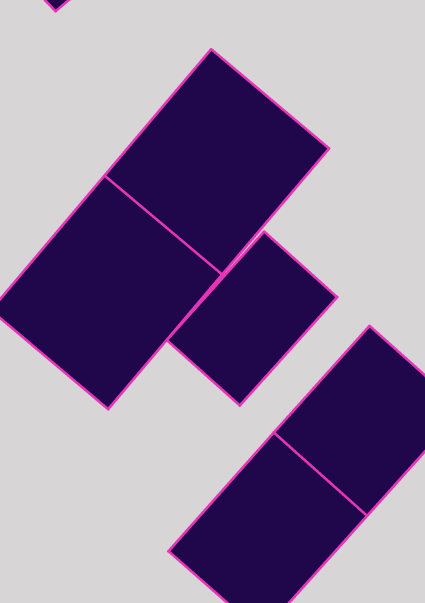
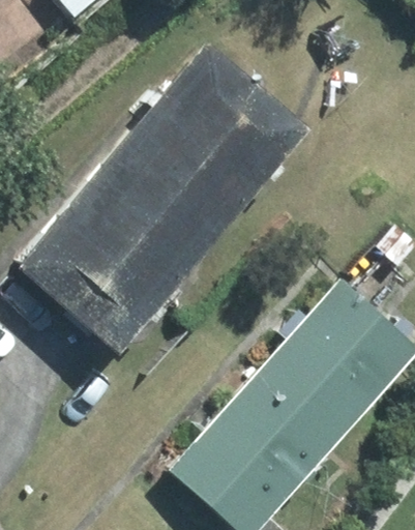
building: [167,232,337,406] -> none

